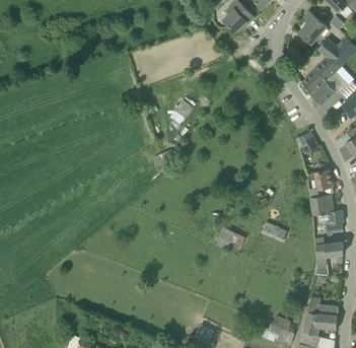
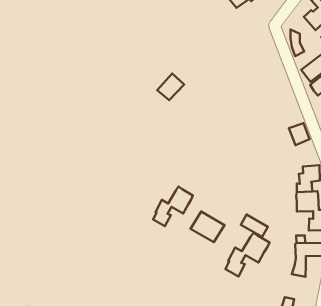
building: none -> [153,187,193,226]
building: none -> [225,233,269,277]

